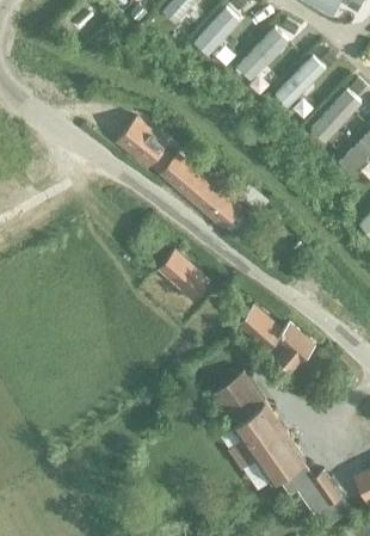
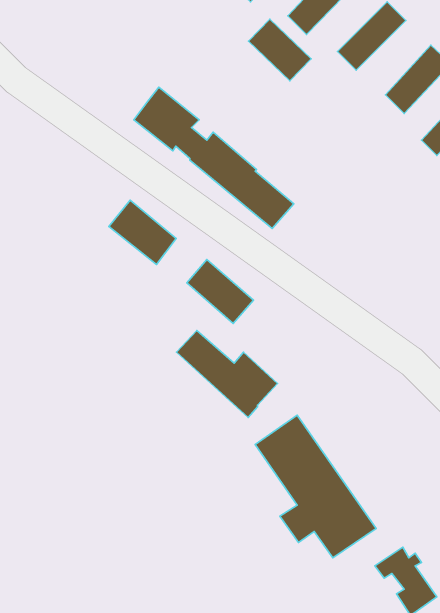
building: none -> [249,19,311,81]
building: none -> [109,200,176,265]
building: [239,308,316,375] -> [177,331,278,418]

